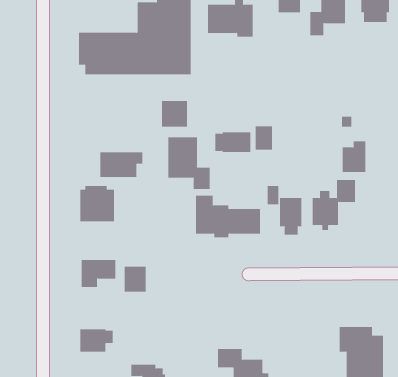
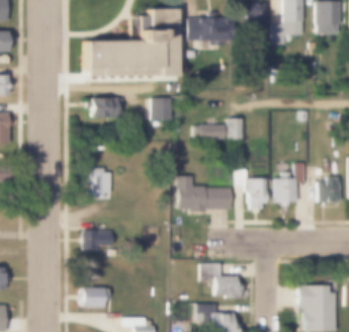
building: [168,137,210,190] -> none
building: [342,141,366,172] -> [319,176,339,202]
building: [100,152,143,177] -> [87,97,123,118]
building: [124,266,146,293] -> none
building: none -> [202,262,242,299]

